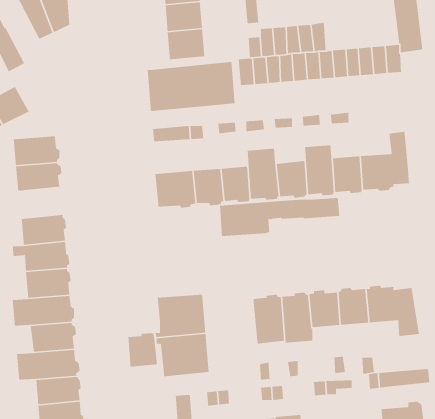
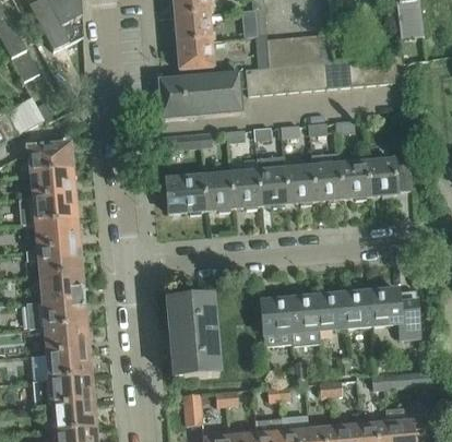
building: none -> [20,193,79,225]
building: [219,197,340,237] -> none
building: [128,332,158,367] -> none

